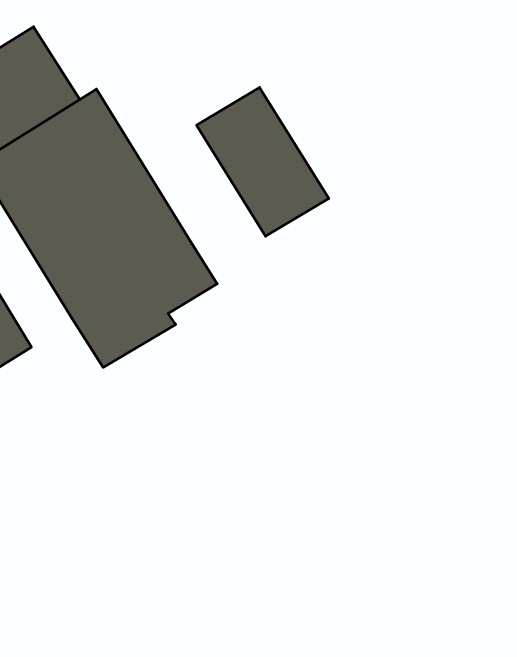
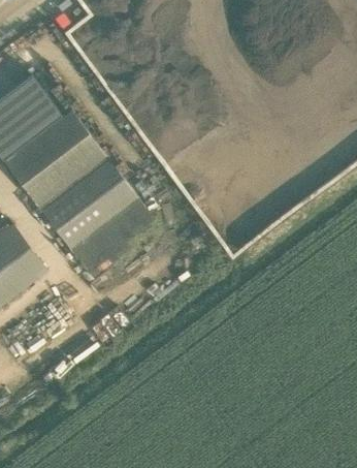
building: [197,87,329,236] -> none

